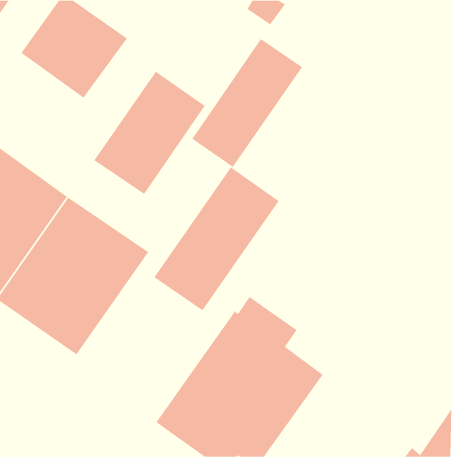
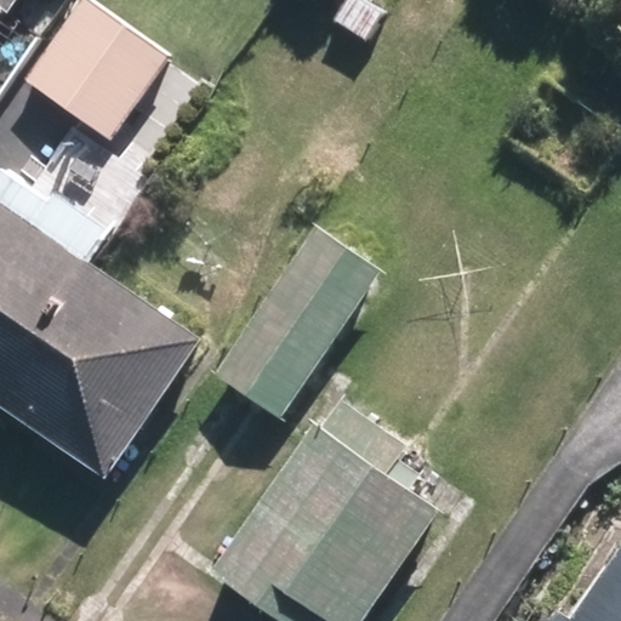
building: [191,38,303,168] -> none
building: [94,71,206,195] -> none

